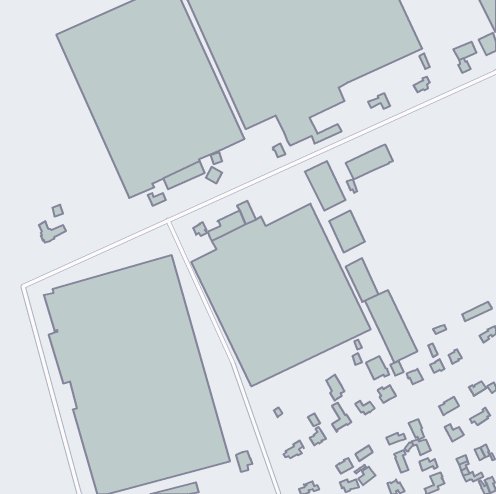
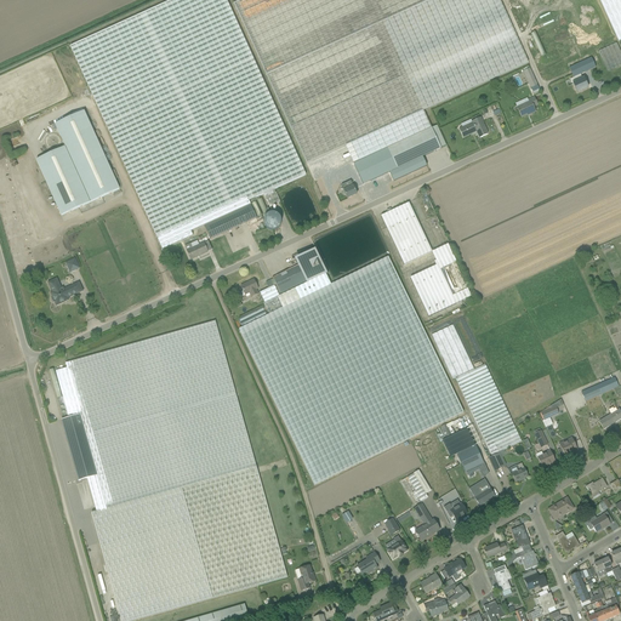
building: none -> [36,109,120,213]
building: [346,145,393,180] -> [387,124,446,167]

